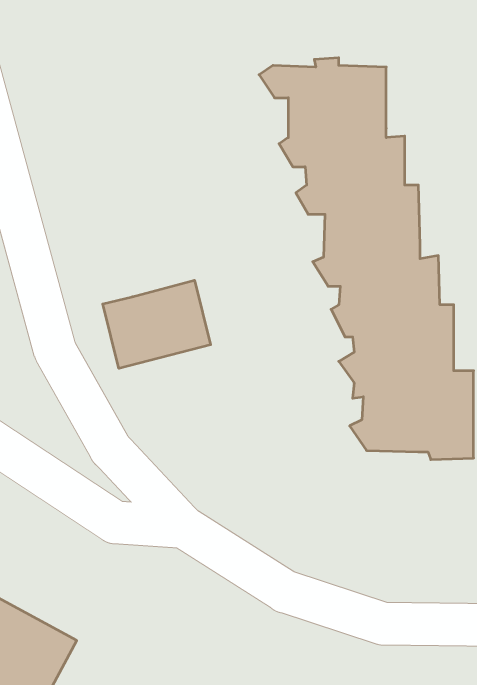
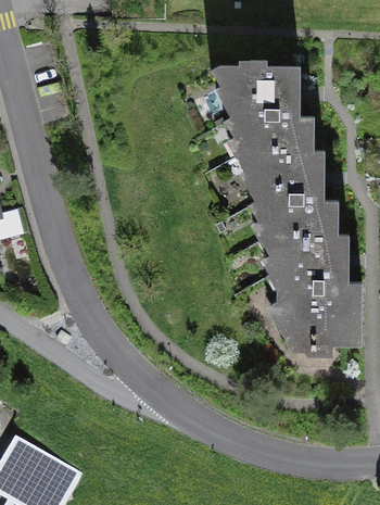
building: [103,280,211,368] -> none

